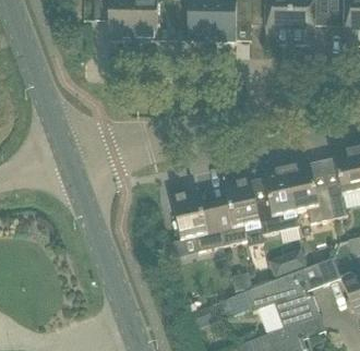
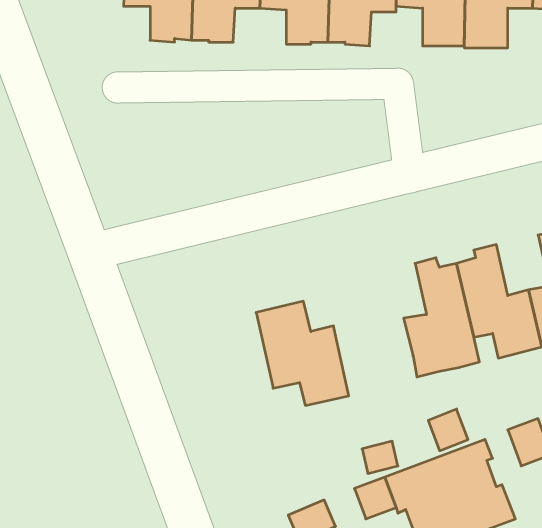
building: [215,177,265,245] -> none

